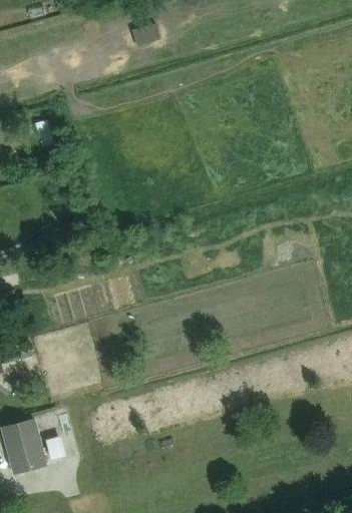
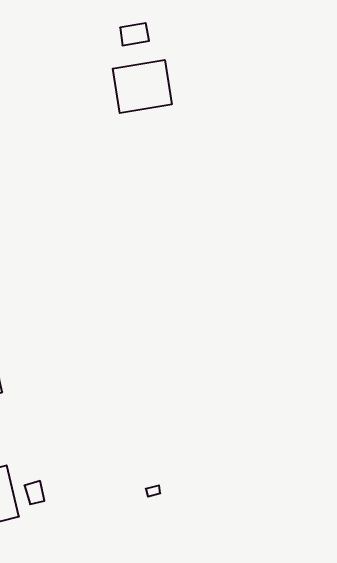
building: none -> [113,60,172,113]

